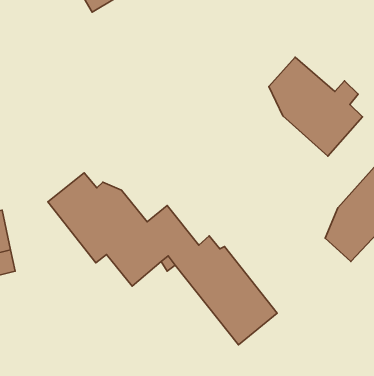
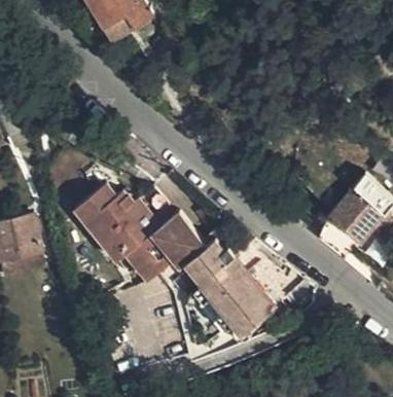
building: [269,57,362,156] -> none

